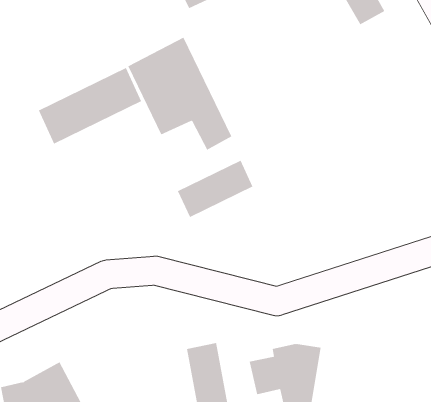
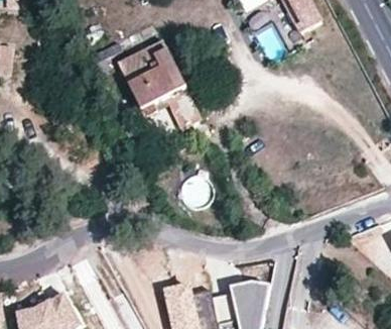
building: [38,67,142,144] -> none
building: [177,160,253,218] -> none

